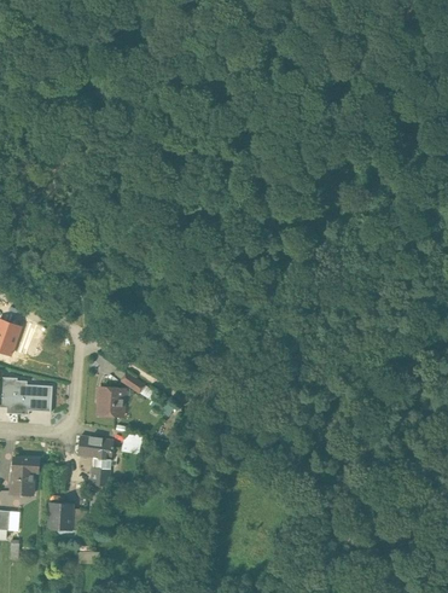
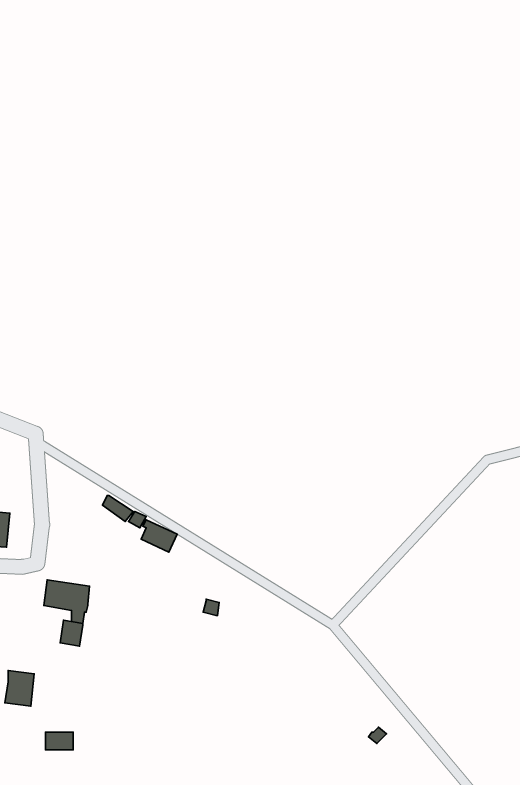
building: [98,385,124,415] -> none

